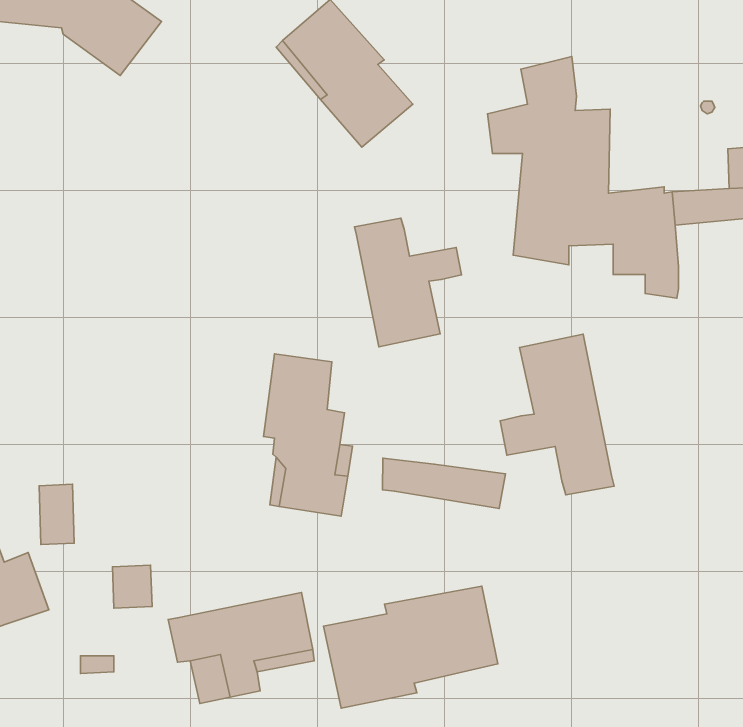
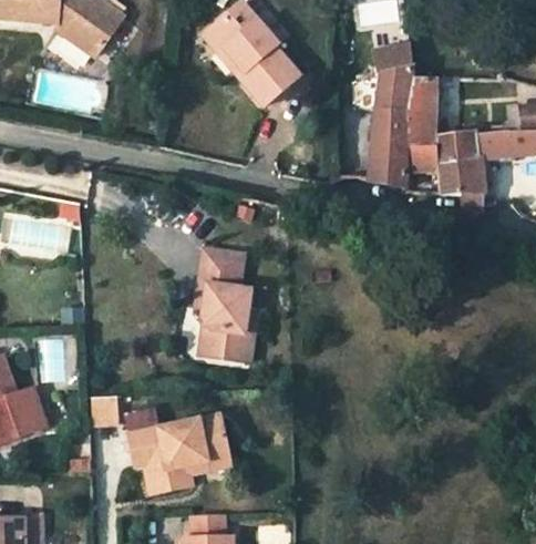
building: [354,218,461,347] -> none
building: [500,334,614,495] -> none
building: [383,458,505,509] -> none
building: [323,586,498,708] -> none

